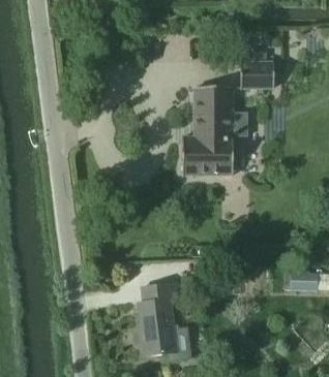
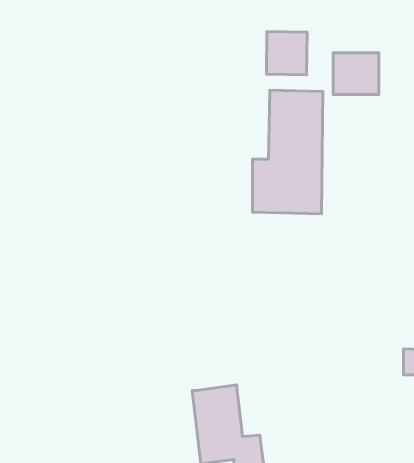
building: none -> [266,32,307,75]
building: [141,280,179,301] -> none

